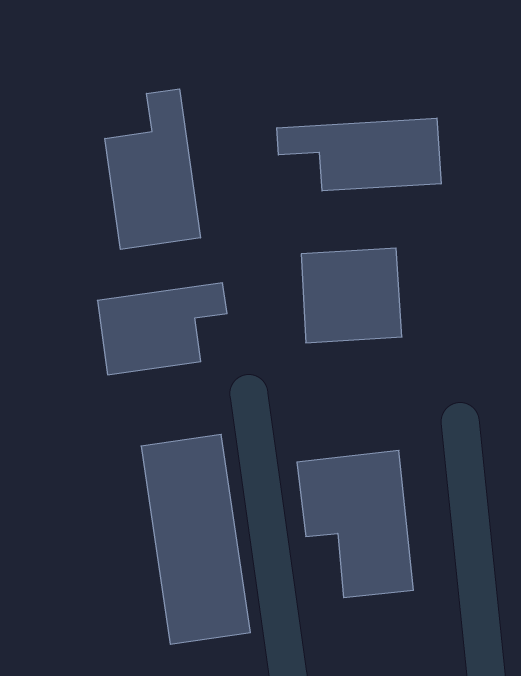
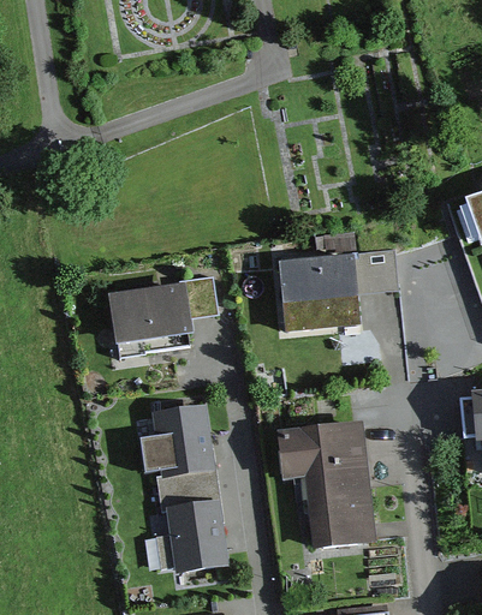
building: [105,89,200,249] -> none
building: [277,118,441,191] -> none

